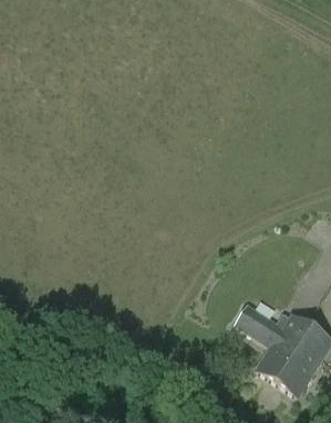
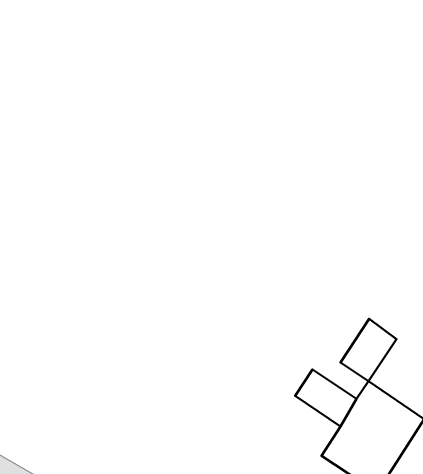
building: none -> [341,319,396,381]

